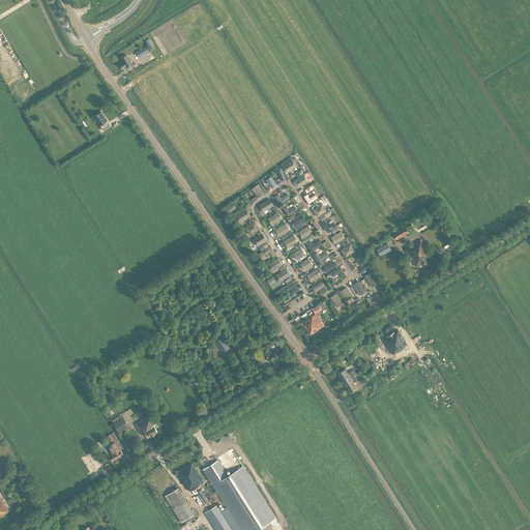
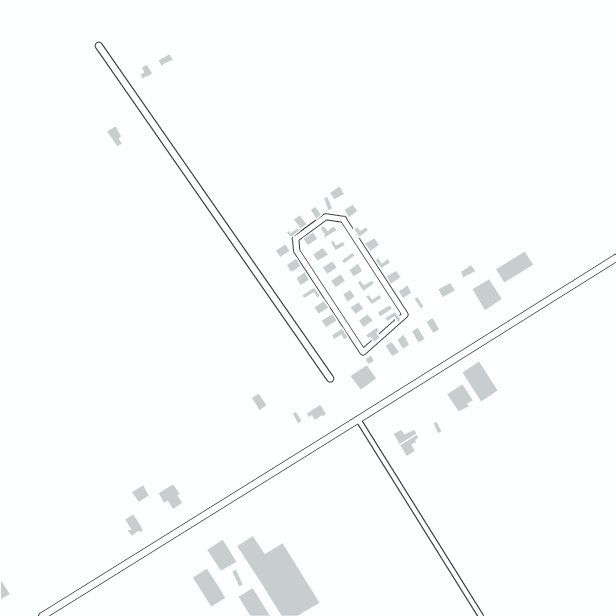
building: none -> [495,250,534,283]
building: none -> [462,360,499,402]

